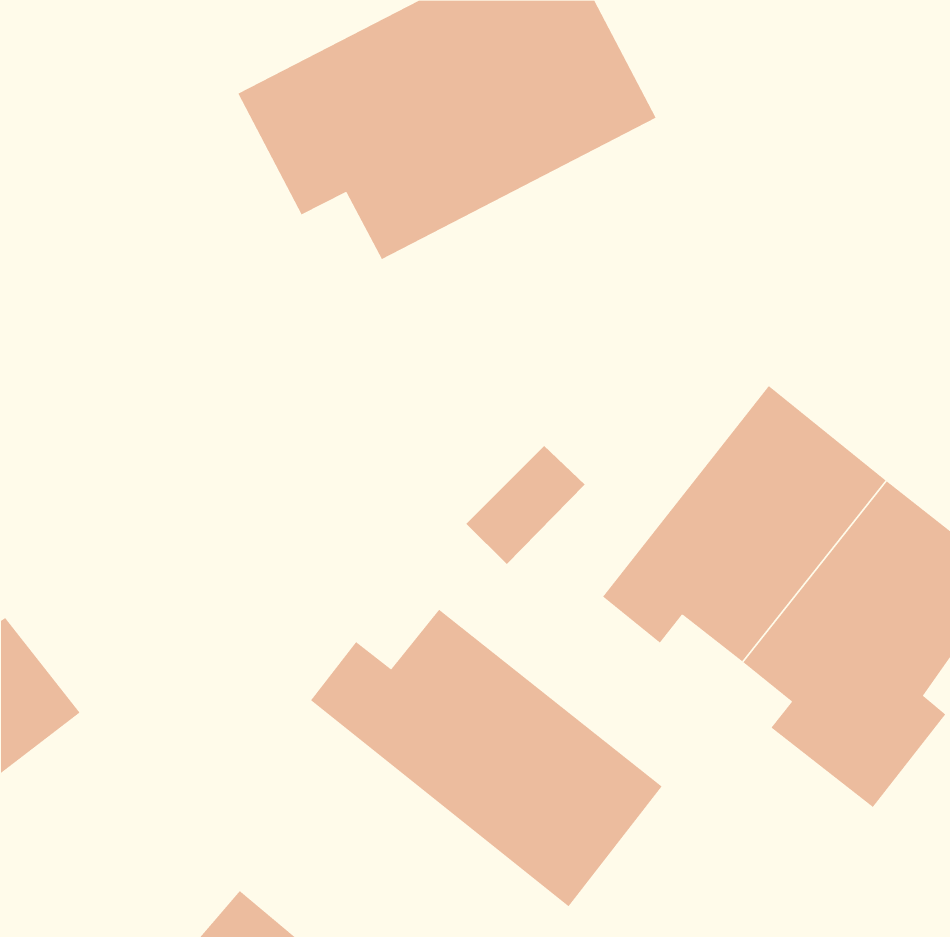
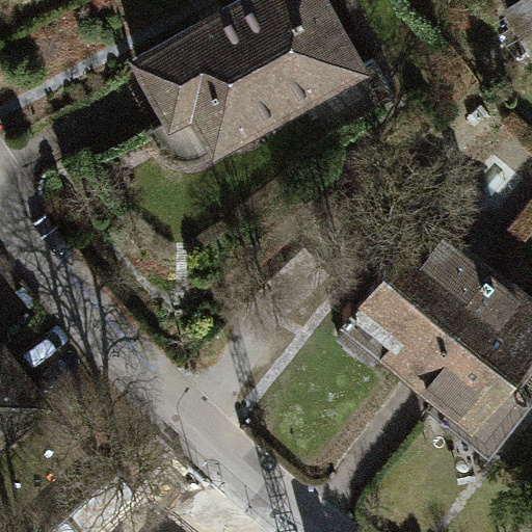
building: [310,609,662,907] -> none

